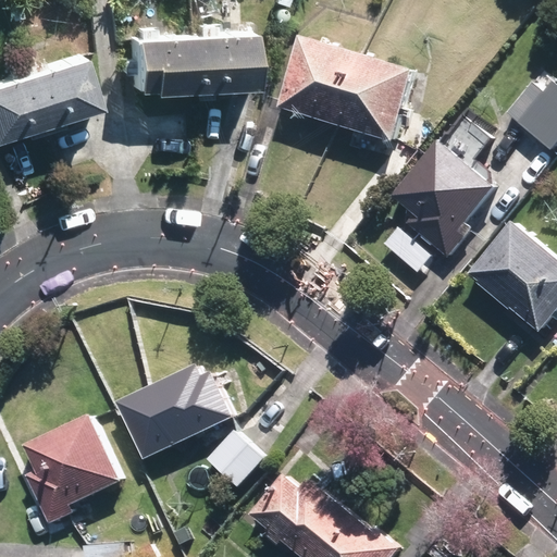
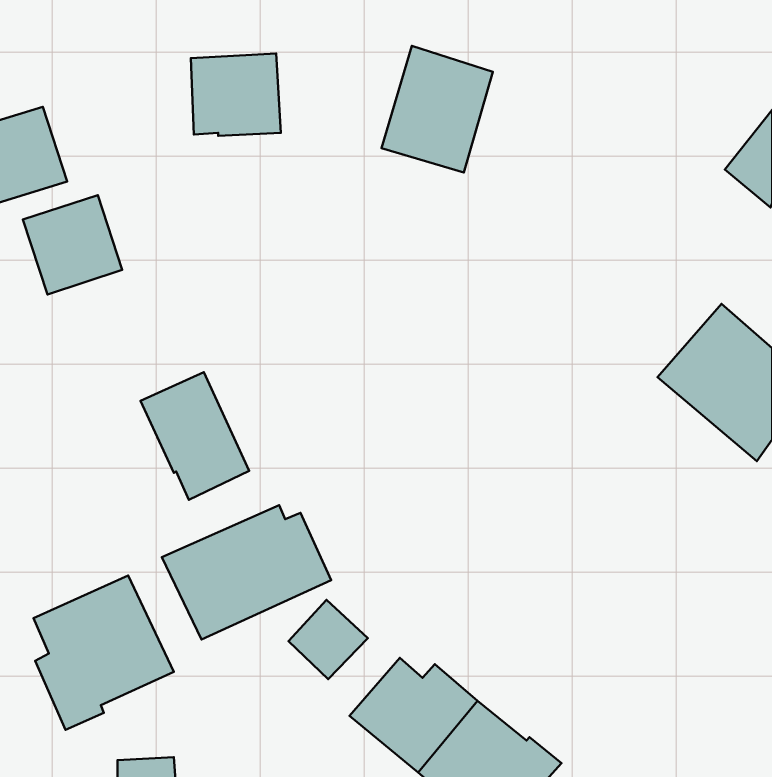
building: [197,37,259,97] -> none
building: [331,53,408,143] -> none
building: [30,61,101,132] -> [23,195,122,294]
building: [393,137,497,256] -> none
building: none -> [140,372,249,500]

